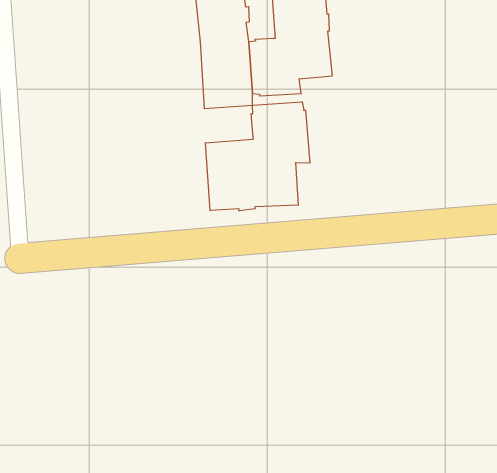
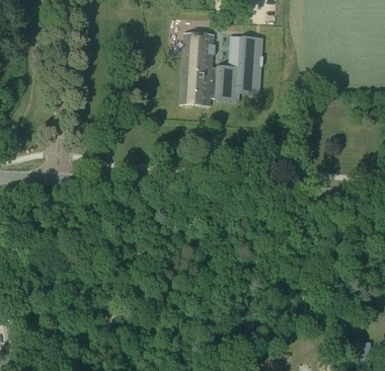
building: [205,102,310,211] -> none

